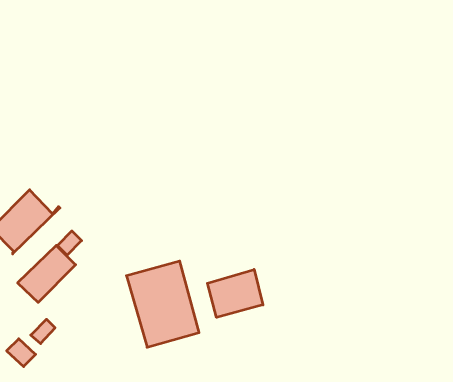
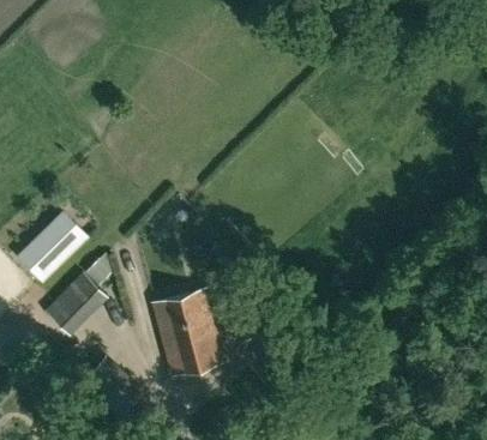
building: [207,269,263,317] -> none

